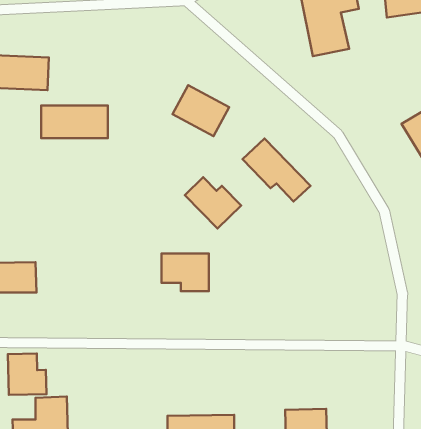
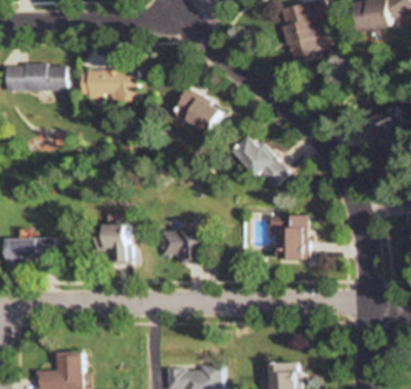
building: [41,105,108,138] -> [79,69,135,97]
building: [185,177,241,229] -> none
building: none -> [275,214,308,258]
building: none -> [95,223,132,262]
building: [8,353,46,395] -> none

